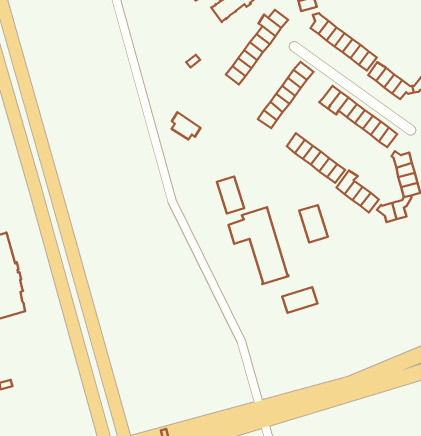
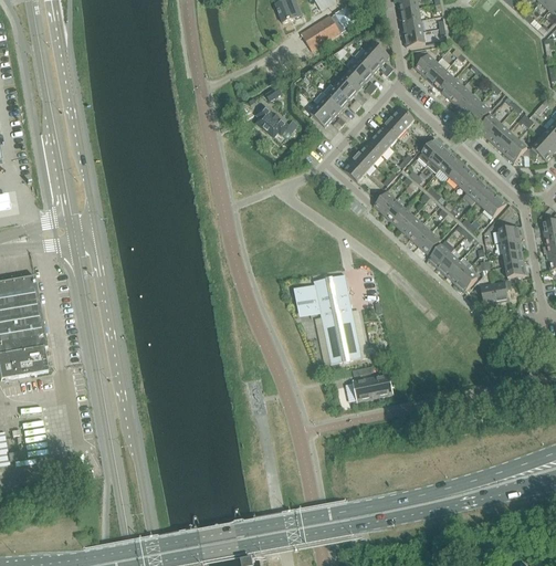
building: [172,112,201,139] -> [254,104,289,137]
building: [217,177,244,214] -> none
building: [299,205,328,242] -> none

